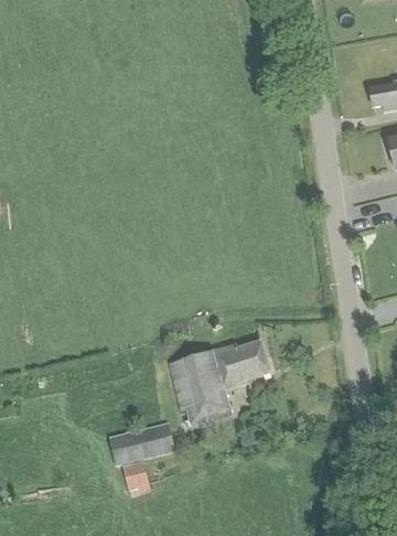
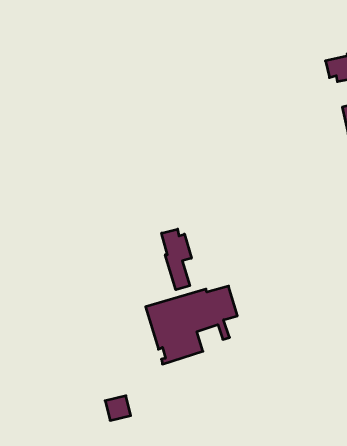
building: none -> [162,229,191,290]
building: [109,422,175,464] -> none

